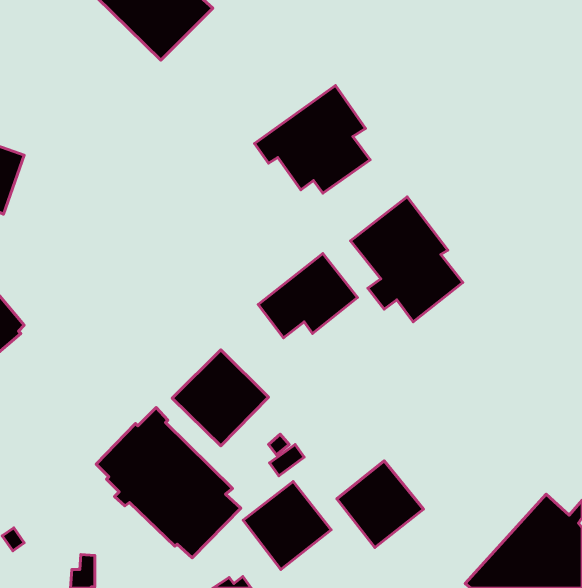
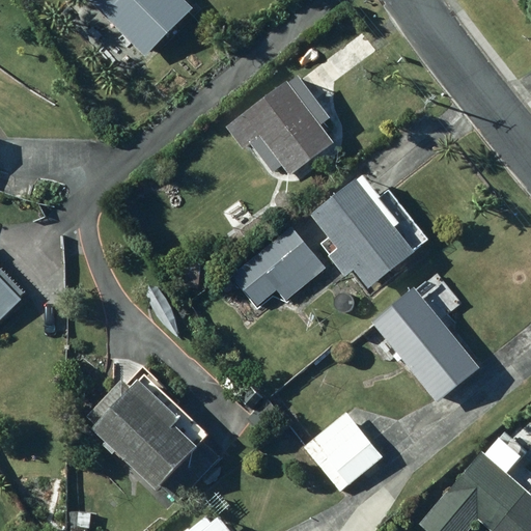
building: none -> [372,288,479,402]
building: [172,350,268,446] -> none
building: [243,482,331,569] -> none

